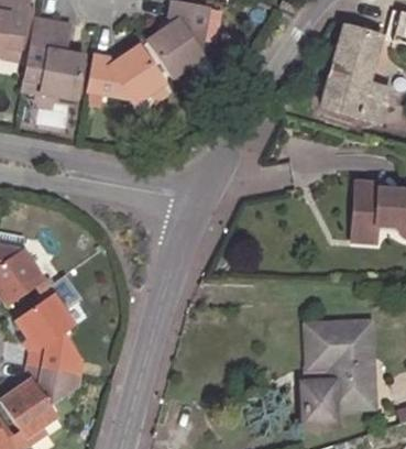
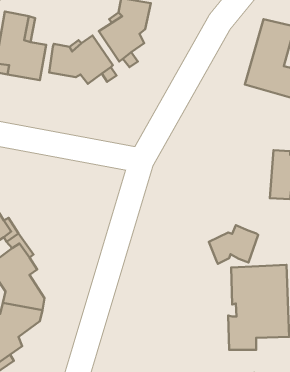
building: none -> [209,225,258,264]

